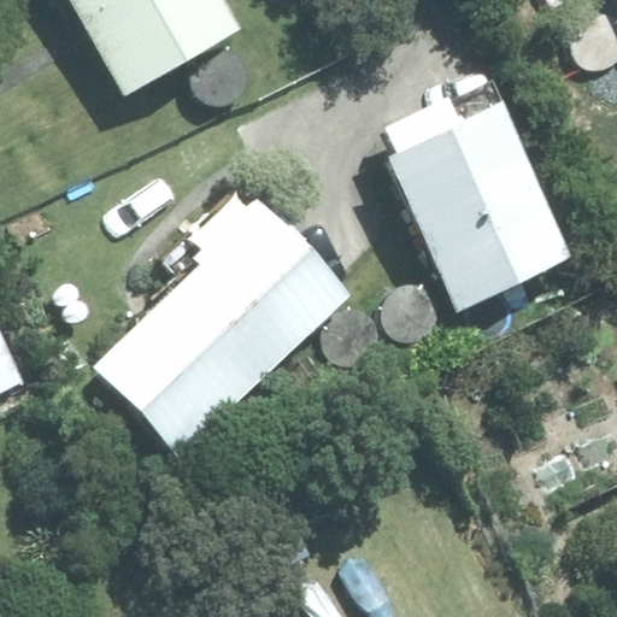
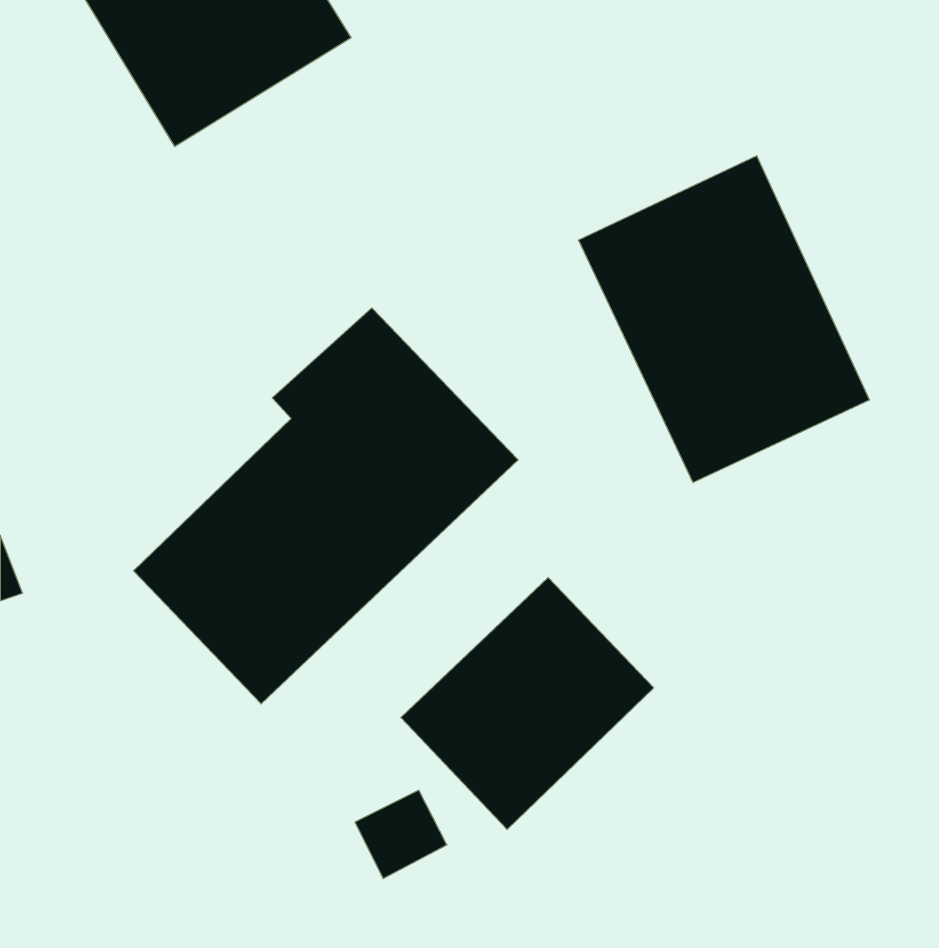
building: none -> [401,578,654,830]

